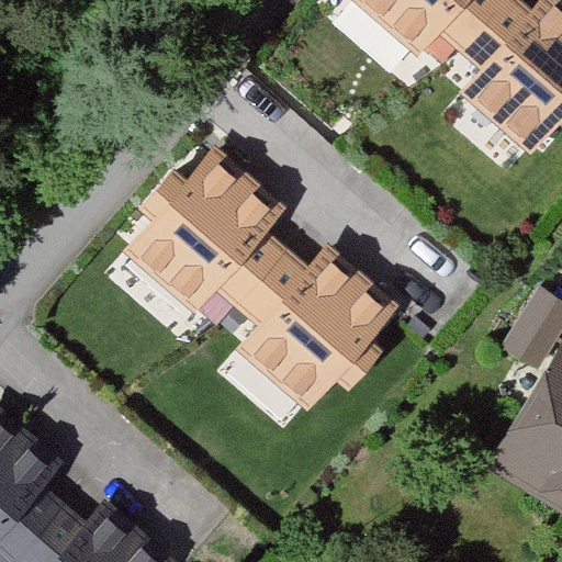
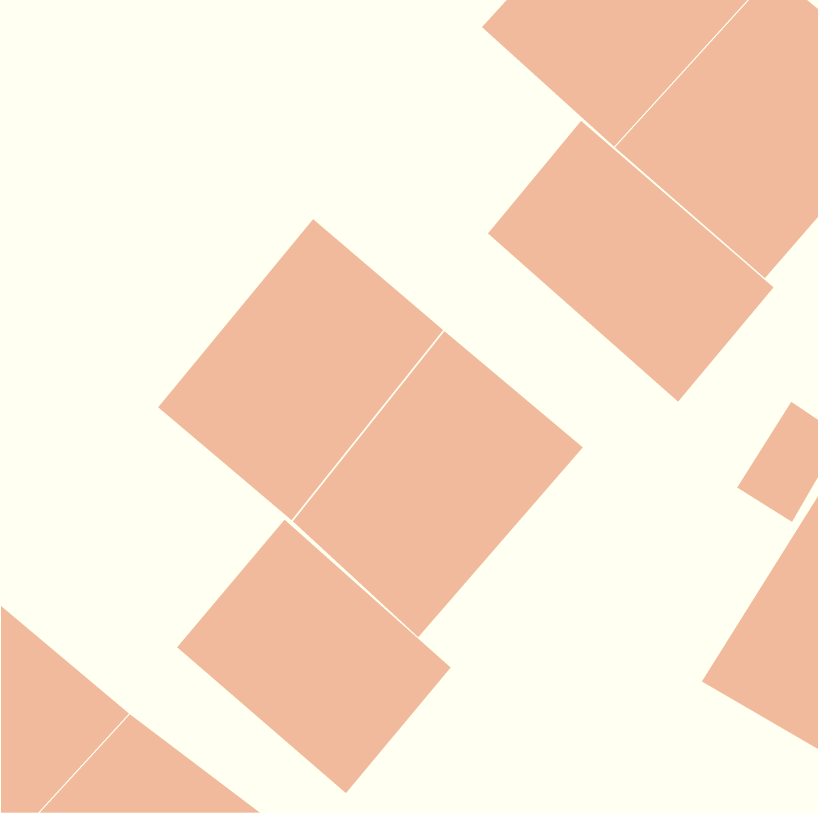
building: none -> [487,120,775,403]
building: none -> [176,519,451,794]

